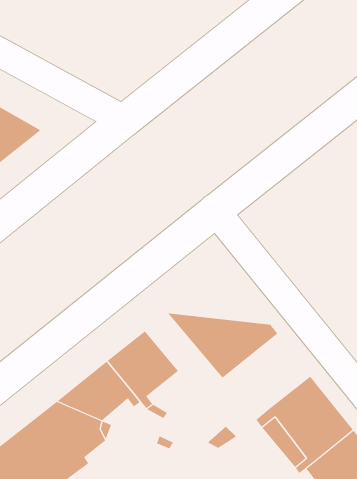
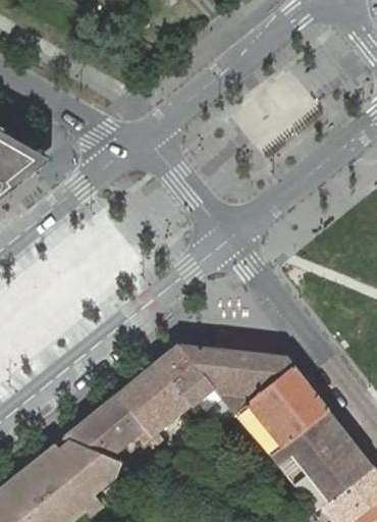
building: none -> [155,345,225,407]
building: none -> [234,366,326,456]

